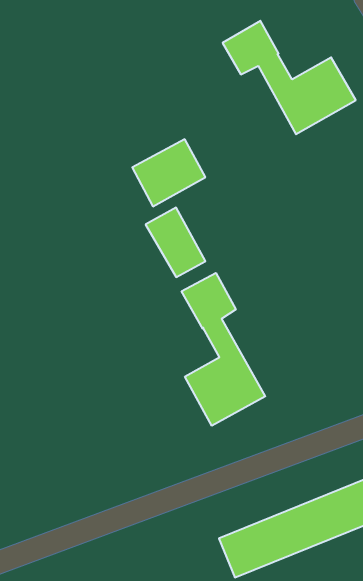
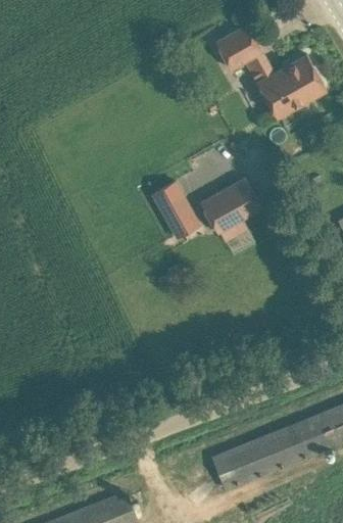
building: [132,139,205,206] -> [201,178,262,234]
building: [182,273,265,426] -> none

